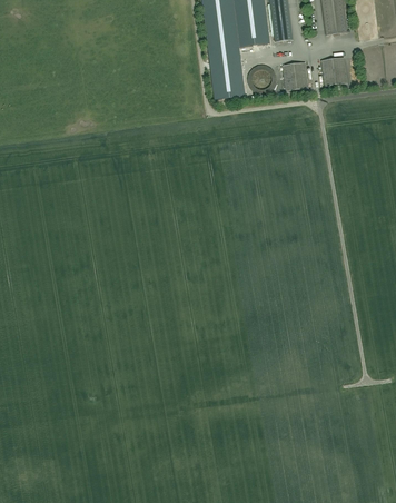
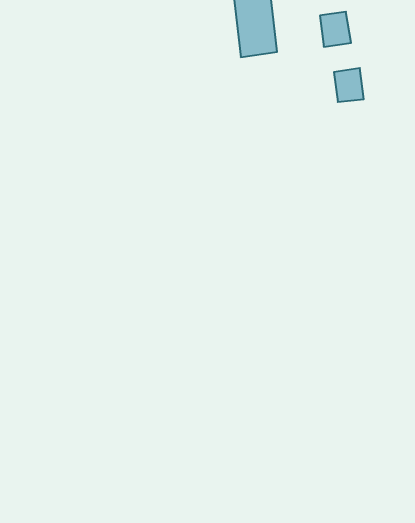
building: [320,56,346,85] -> [334,68,364,102]

